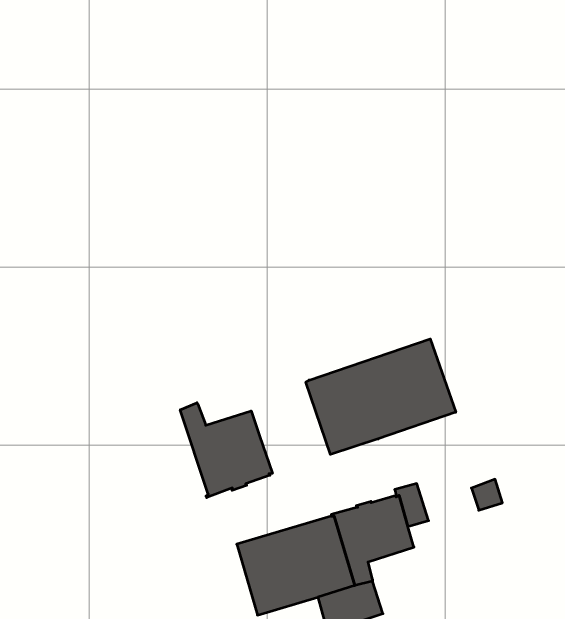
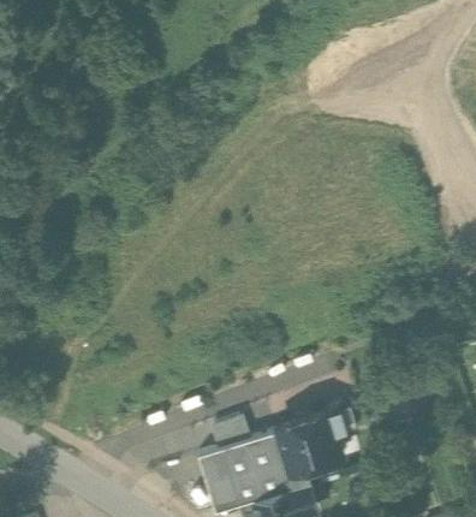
building: [306,339,456,454] -> none
building: [180,403,272,498] -> none

